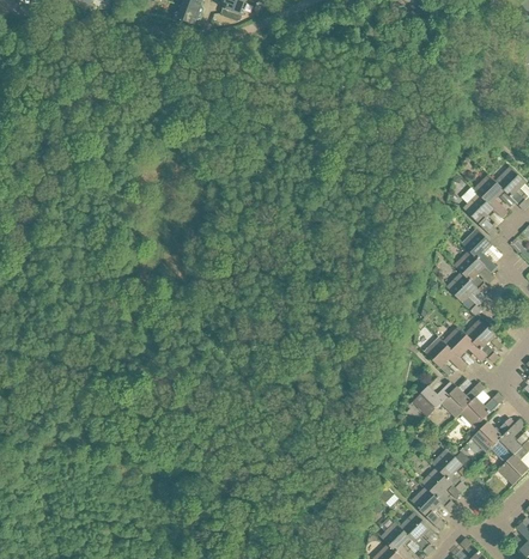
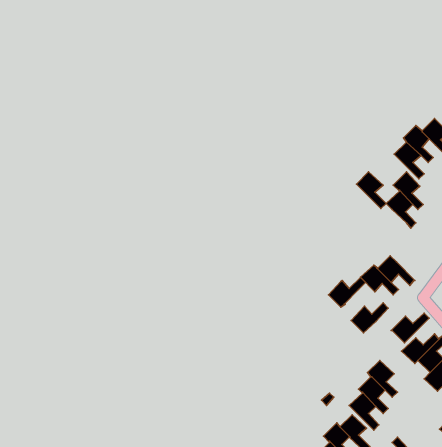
building: [446,272,481,315] -> [356,172,386,209]
building: [466,318,499,361] -> none
building: [442,382,485,417] -> [329,277,366,307]

